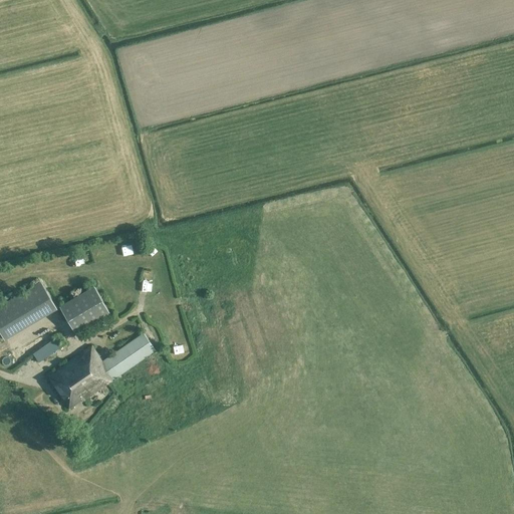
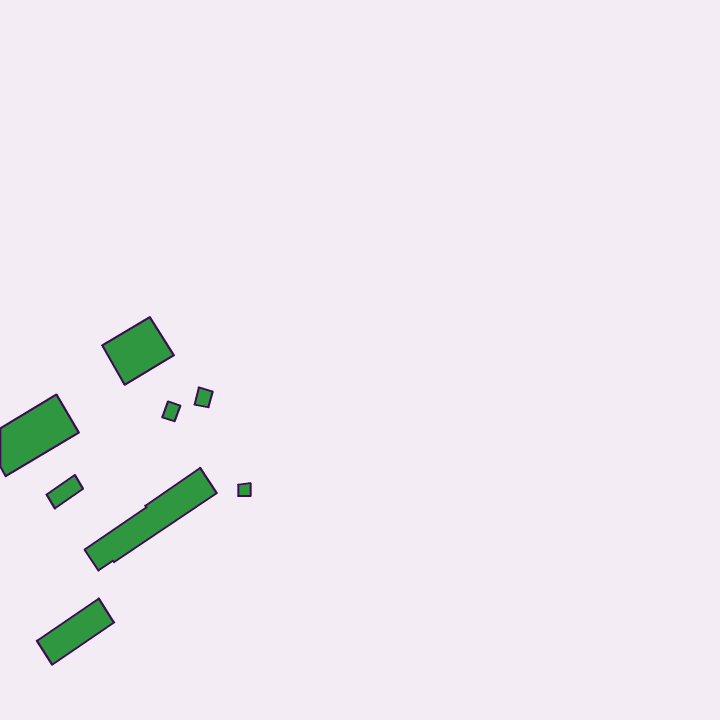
building: [59,286,110,334] -> [102,317,174,385]
building: [49,344,104,392] -> [37,598,114,665]

